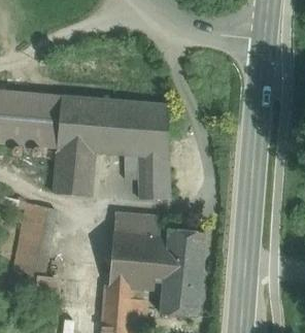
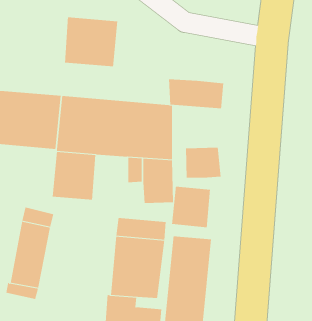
building: none -> [65,17,118,67]
building: none -> [168,78,224,109]
building: none -> [186,147,221,178]
building: none -> [172,186,210,228]

